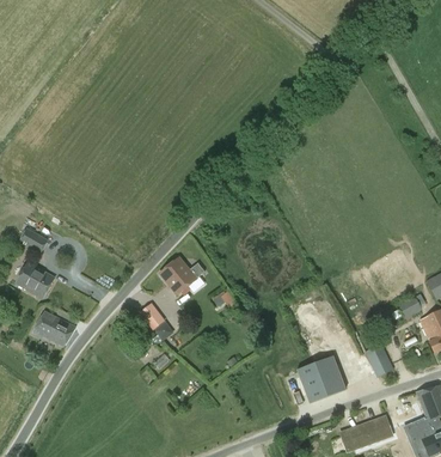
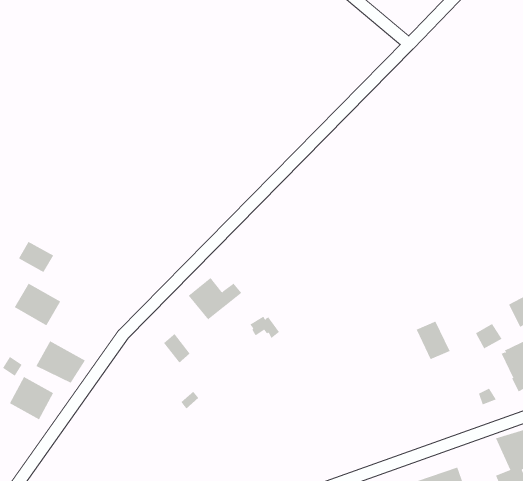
building: none -> [9,376,54,420]
building: [365,343,393,376] -> [416,321,450,360]
building: [296,355,345,402] -> none

